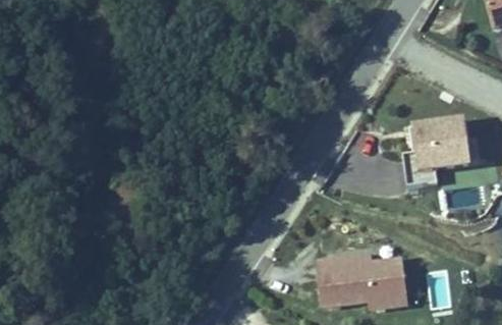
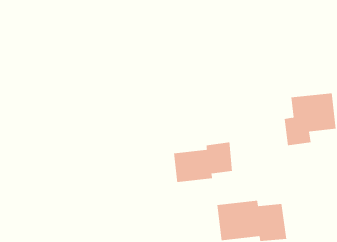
building: none -> [173,142,232,183]

